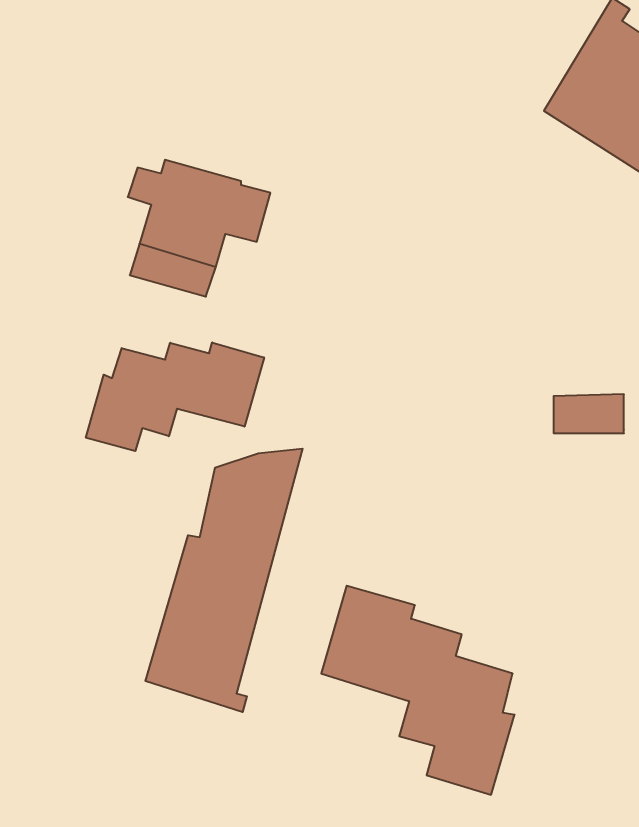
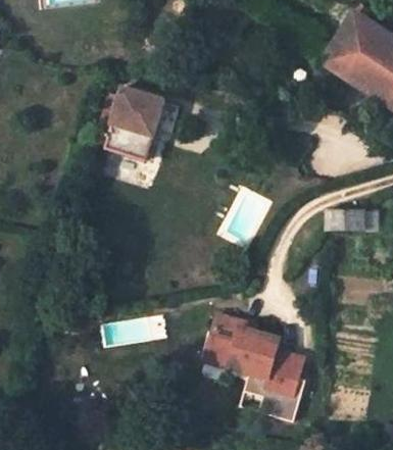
building: [86,342,264,451] -> none
building: [145,449,303,712] -> none

